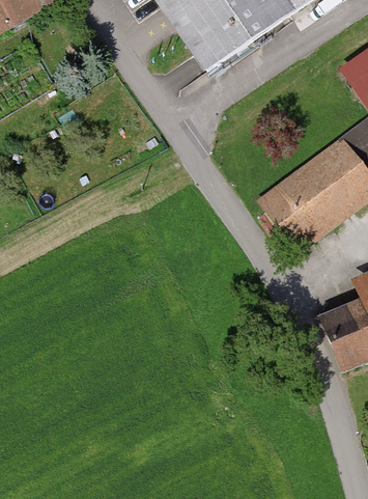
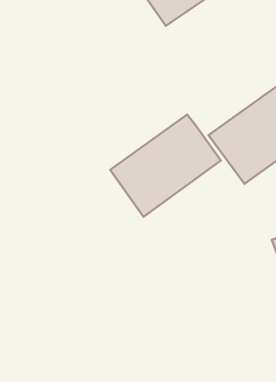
building: none -> [110,114,221,217]

